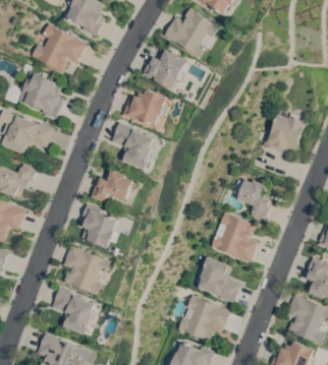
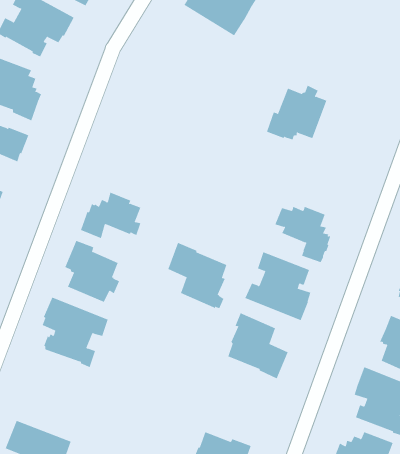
building: [143,49,187,90] -> none
building: [123,89,170,125] -> none
building: [261,113,305,153] -> [266,85,327,140]
building: [112,122,155,170] -> [167,242,227,309]
building: [52,289,95,336] -> none
building: [176,295,230,342] -> none

